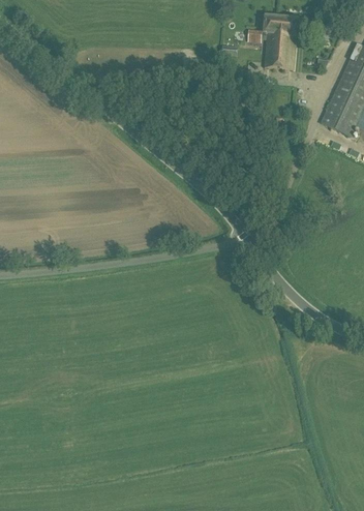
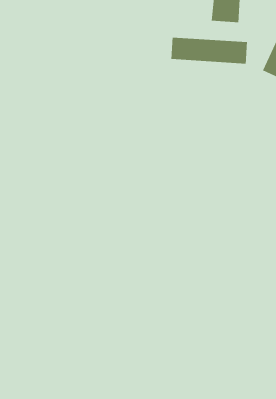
building: none -> [171,37,248,64]

